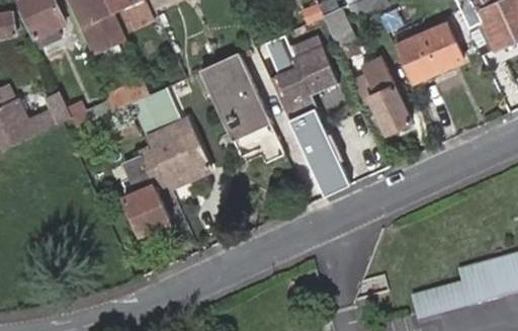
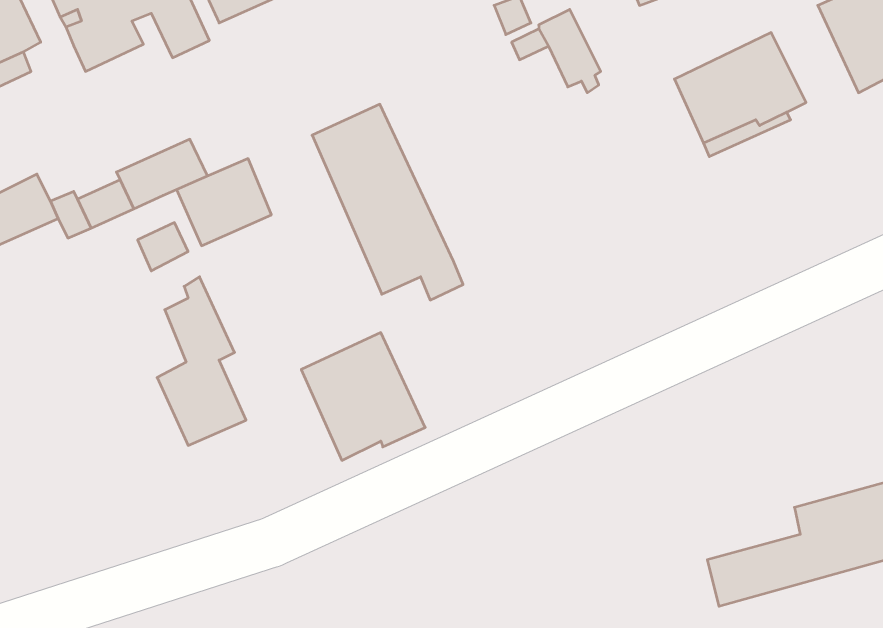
building: [267,32,350,194] -> none
building: [351,56,411,131] -> none
building: [146,116,210,183] -> [301,333,425,460]

